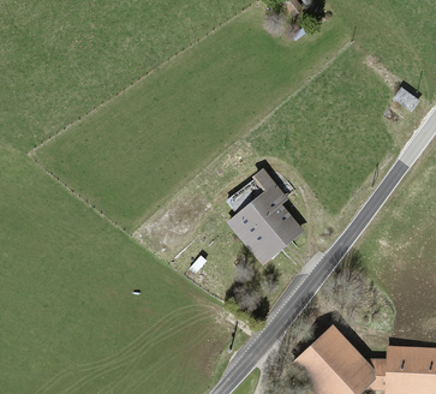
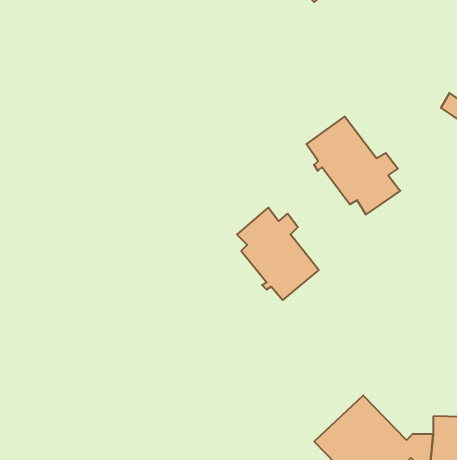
building: none -> [306,117,400,215]

